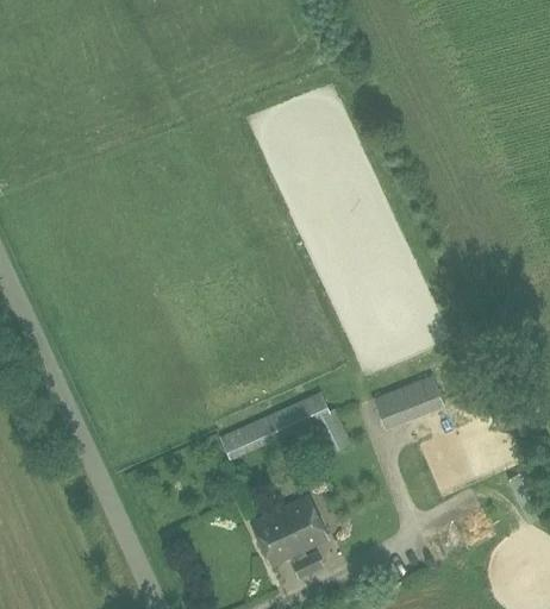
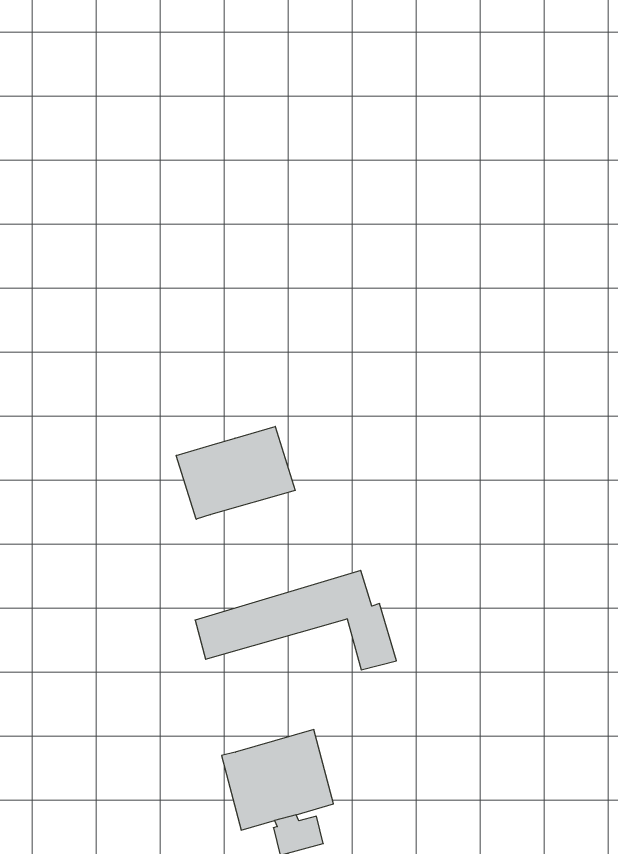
building: none -> [176,426,295,519]
building: [373,377,444,429] -> none

